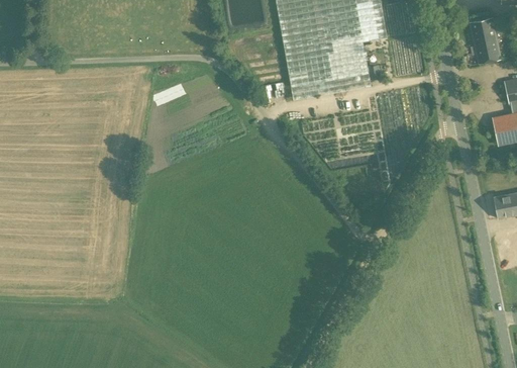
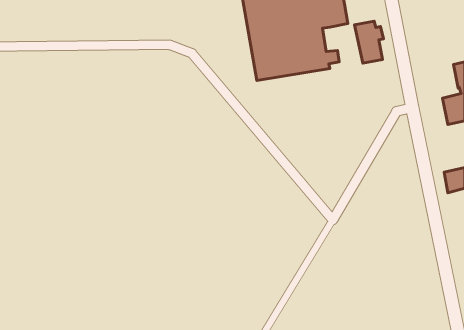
building: [470,17,501,63] -> [354,21,383,63]

